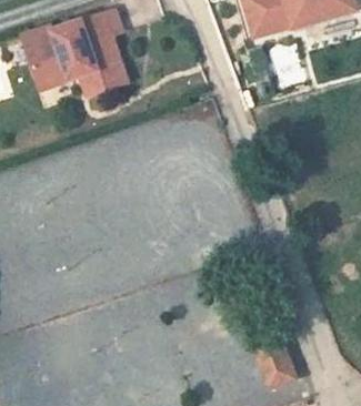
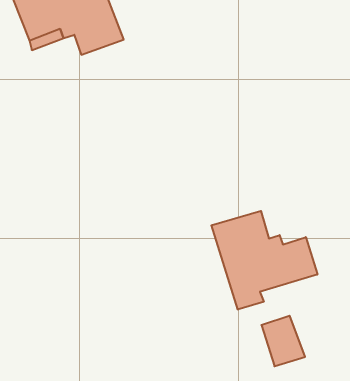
building: none -> [211,211,317,310]

